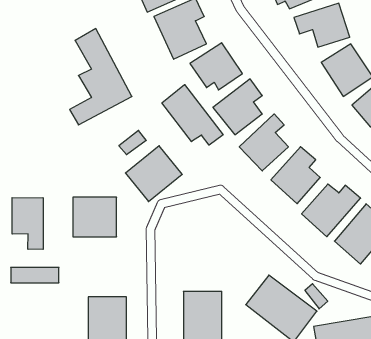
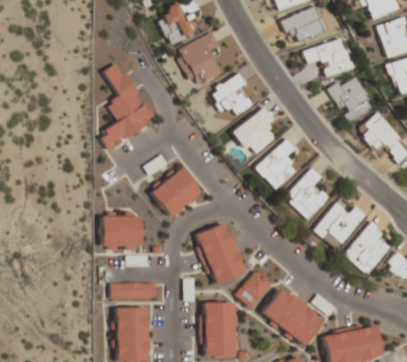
building: [162,85,223,145] -> none
building: [12,198,43,249] -> none
building: none -> [195,222,246,284]
building: none -> [234,270,273,309]
building: [11,267,59,283] -> [112,284,156,298]

